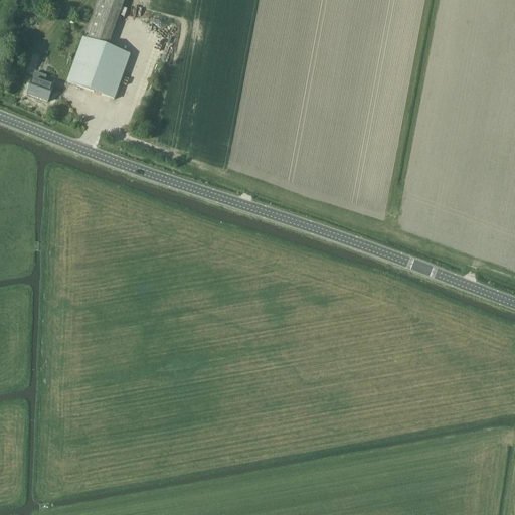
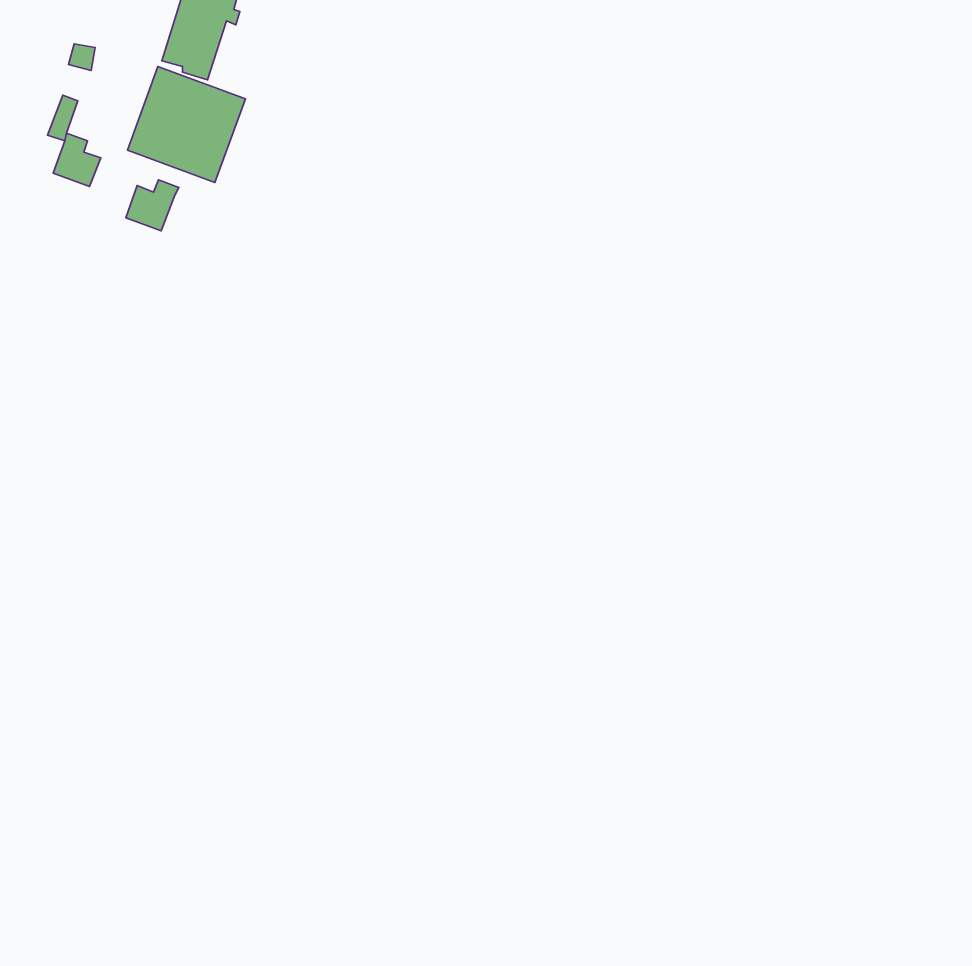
building: none -> [126,180,179,231]

